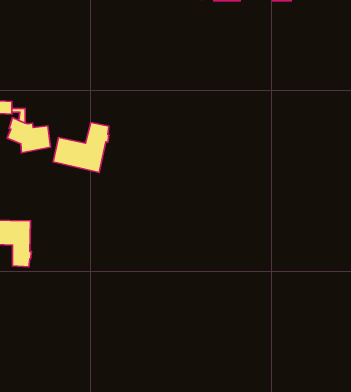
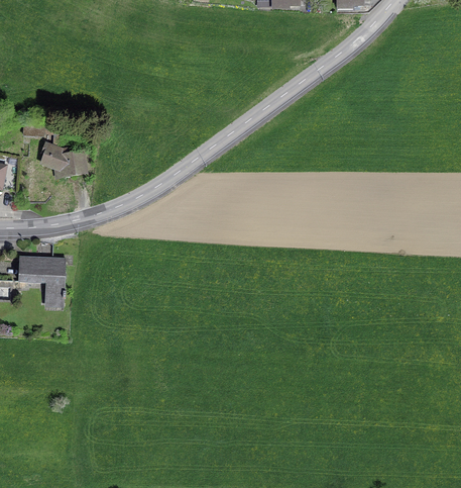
building: [53,123,109,172] -> none

